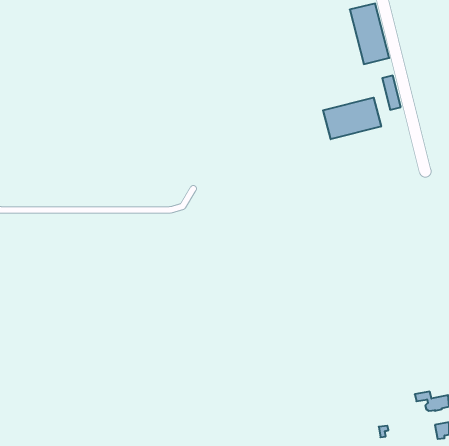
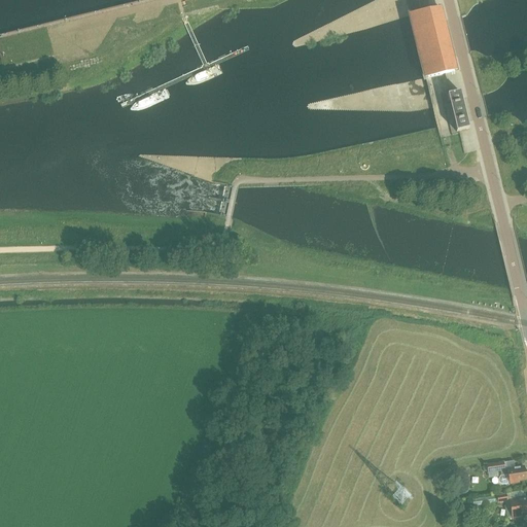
building: [323,98,381,139] -> none

